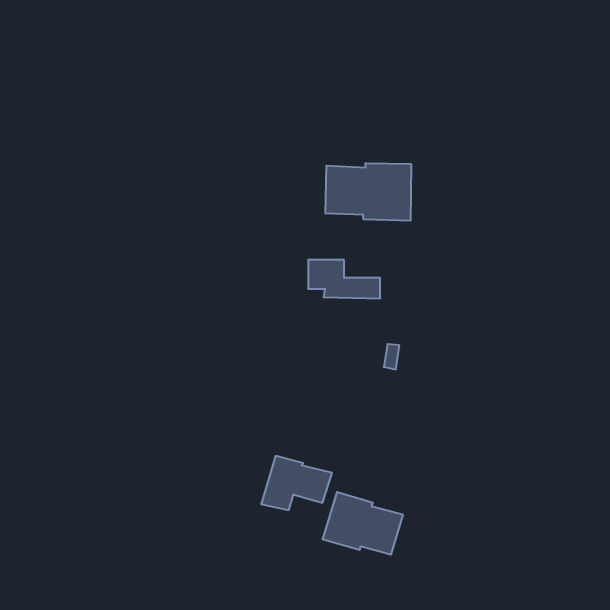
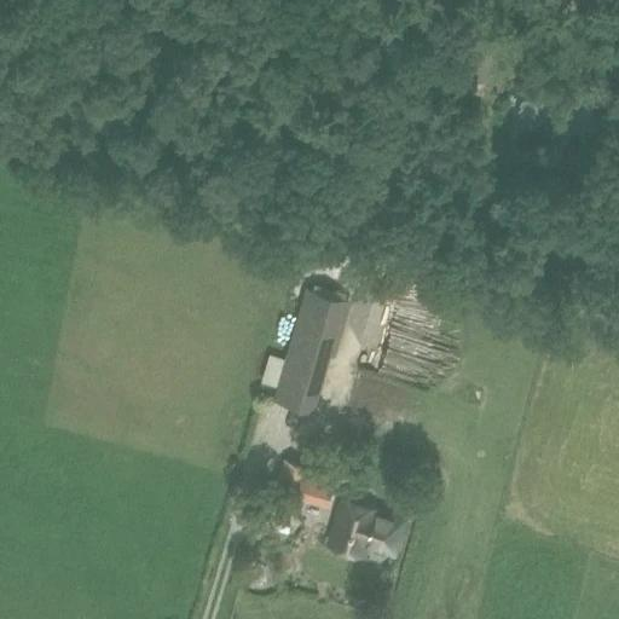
building: [325,163,411,221] -> none
building: none -> [271,308,345,416]

